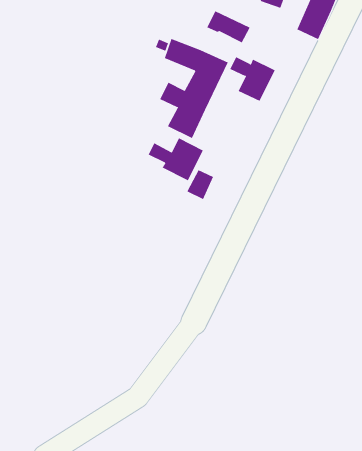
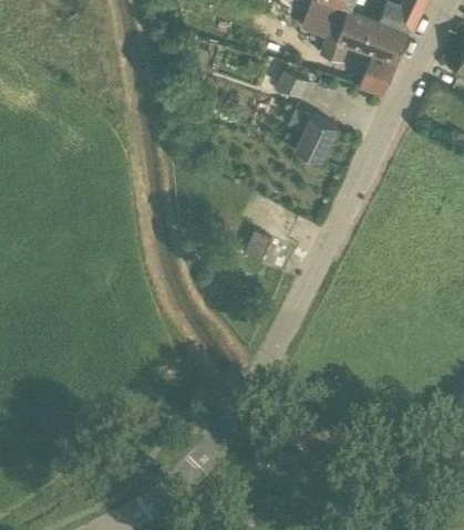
building: [159,38,228,139] -> none
building: [148,137,204,181] -> none

